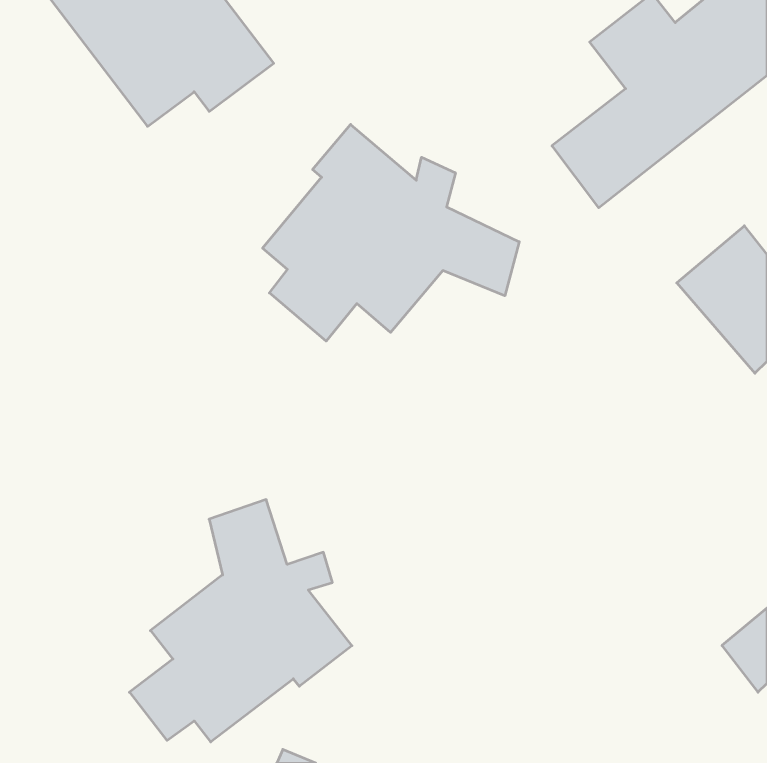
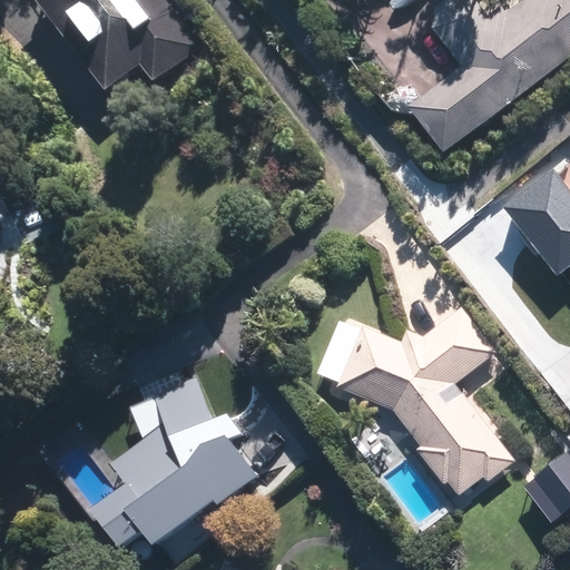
building: [263,124,519,341] -> none
building: none -> [317,302,519,494]

